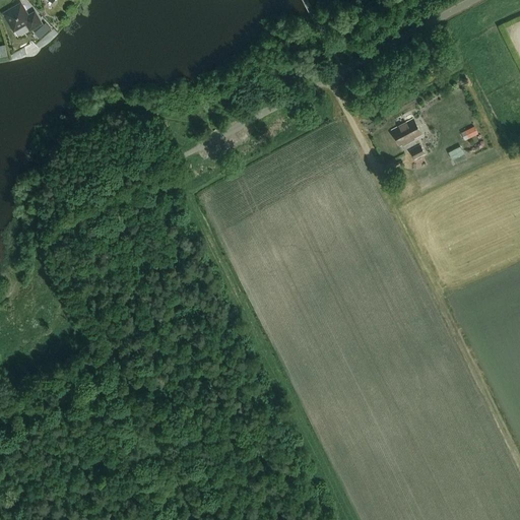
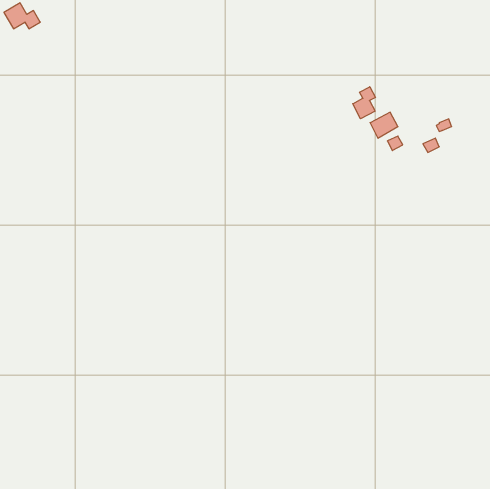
building: none -> [353,87,375,119]

